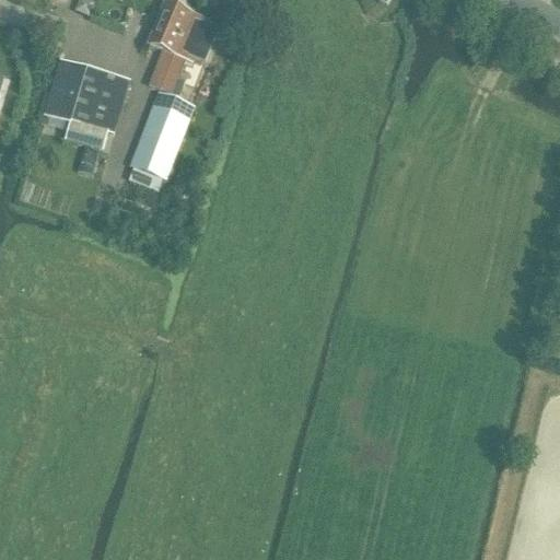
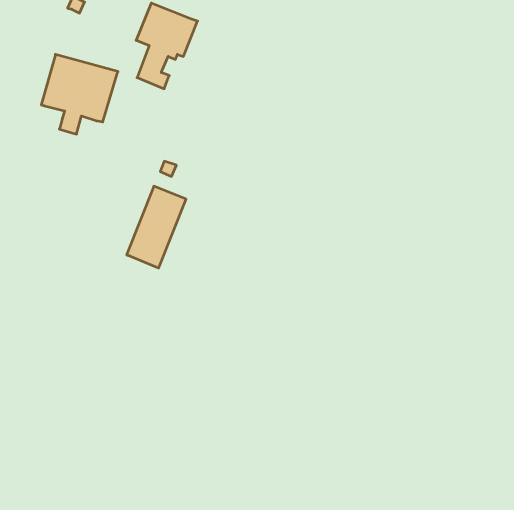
building: [129,91,194,179] -> [127,186,186,268]

